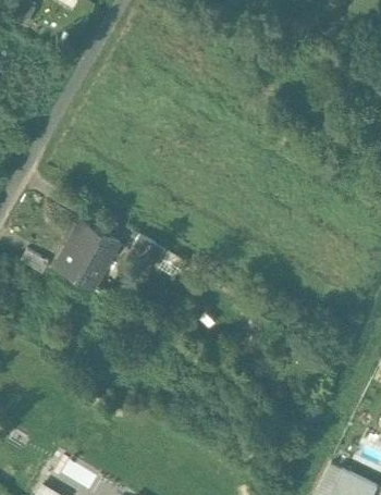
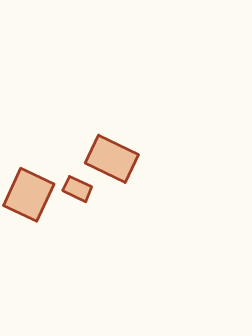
building: none -> [85,135,138,183]

